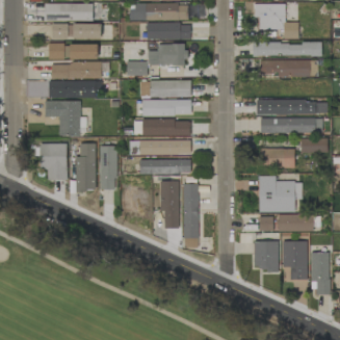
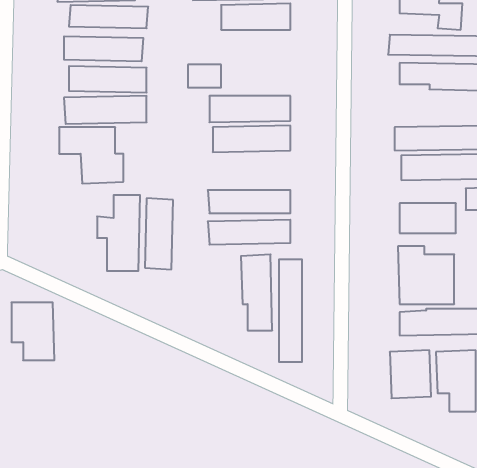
building: [149,43,186,64] -> none
building: [135,119,191,135] -> none
building: [41,142,68,179] -> [11,302,54,360]

